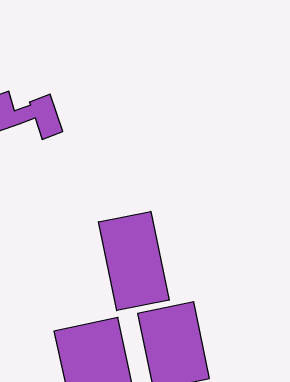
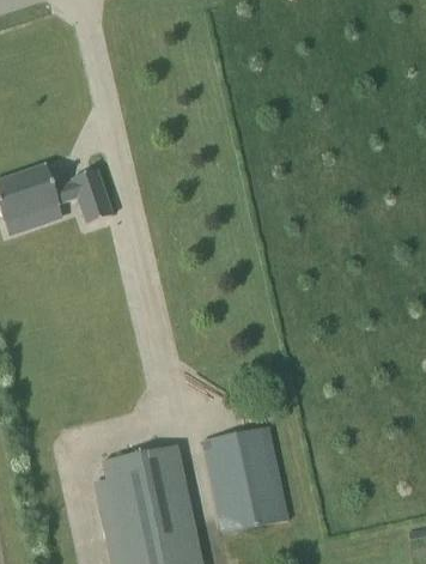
building: [99,211,169,311] -> none

